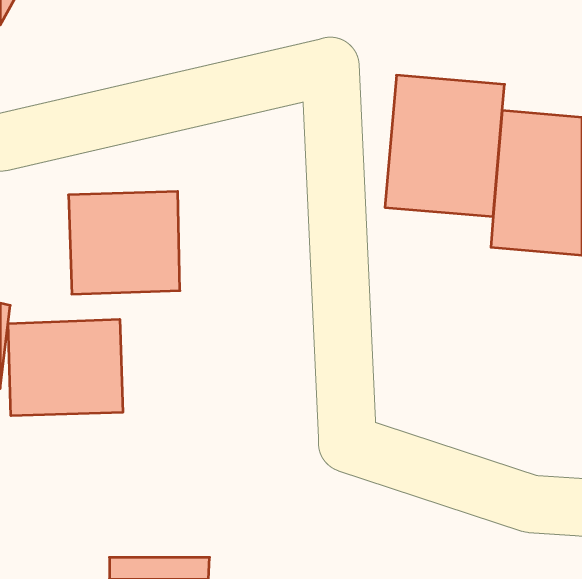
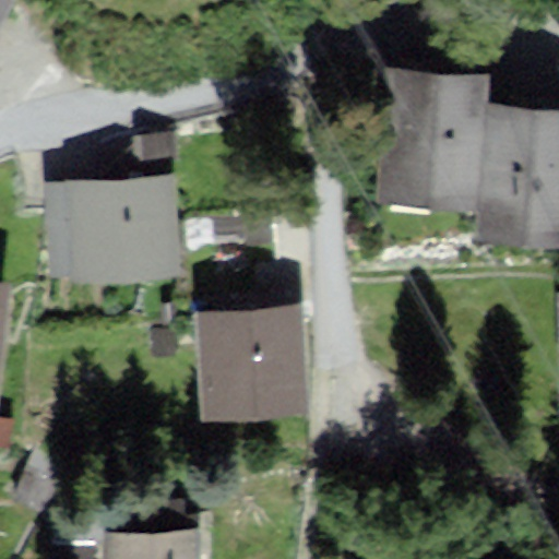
building: [8,319,123,416] -> none
building: none -> [201,313,307,419]

